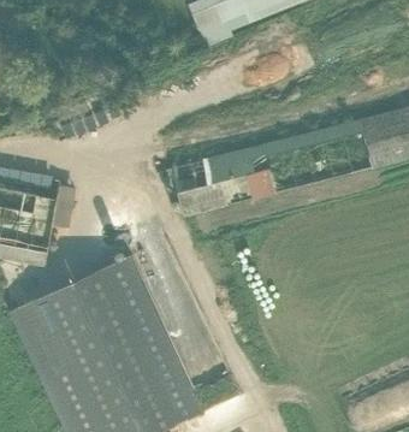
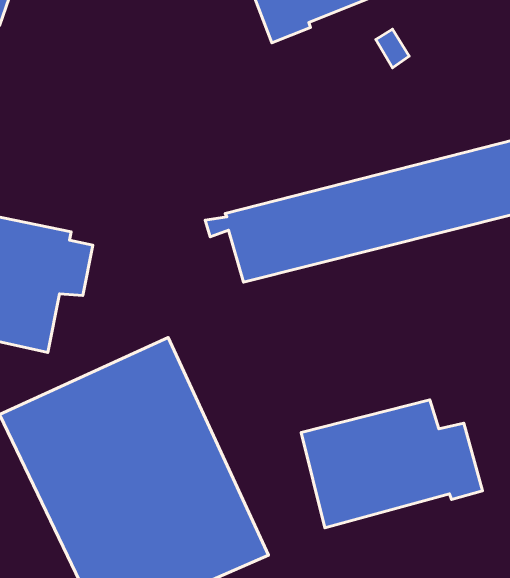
building: none -> [301,400,482,528]

